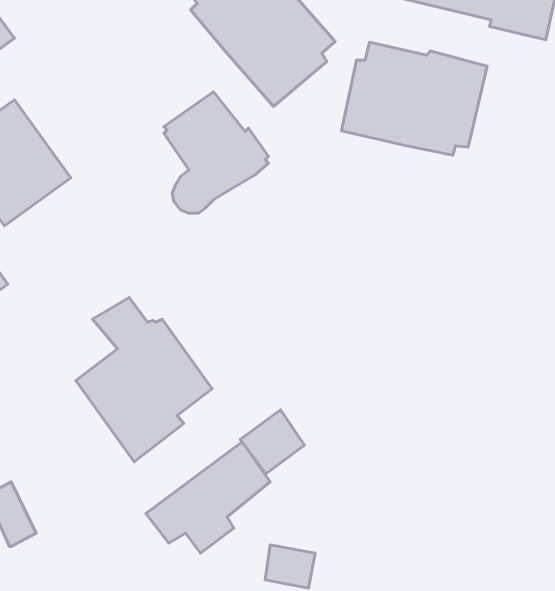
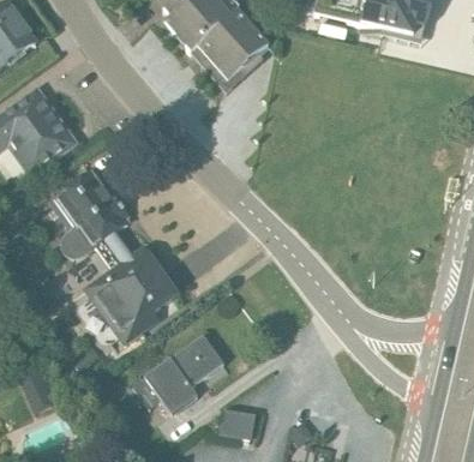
building: [342,42,487,155] -> none
building: [164,92,268,213] -> [55,168,131,256]
building: [240,410,304,474] -> none

